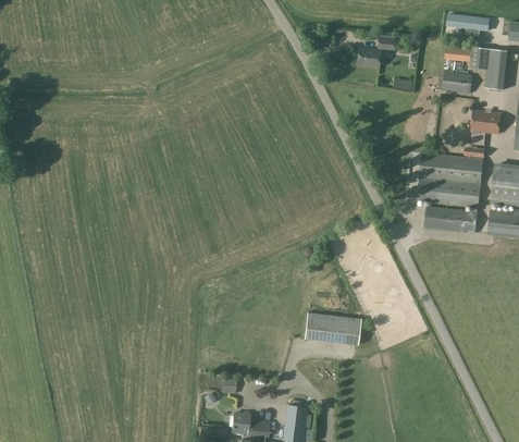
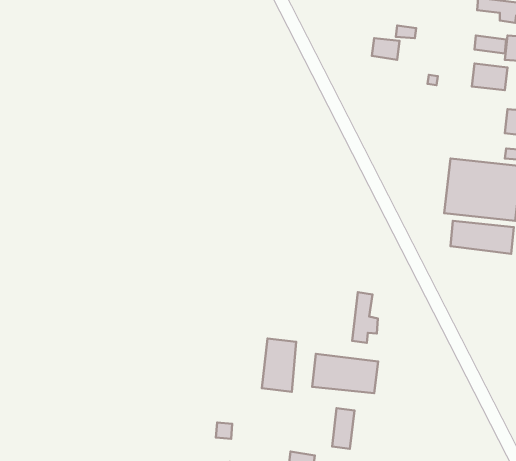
building: none -> [352,292,378,343]
building: none -> [262,339,296,392]
building: none -> [332,408,354,449]

